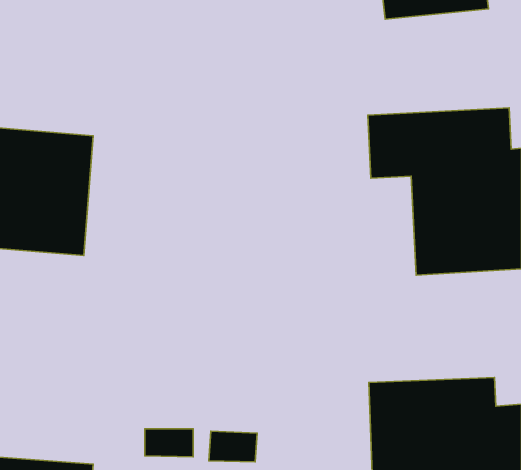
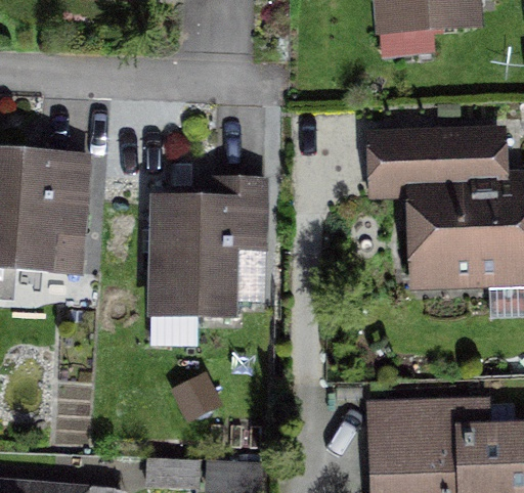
building: none -> [146,177,272,320]

